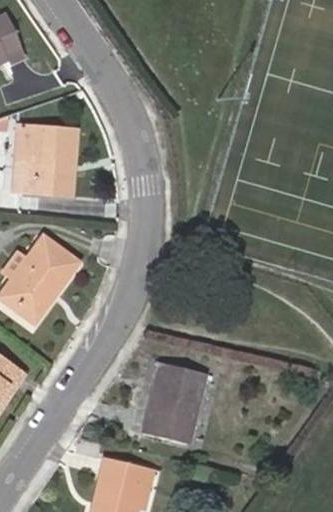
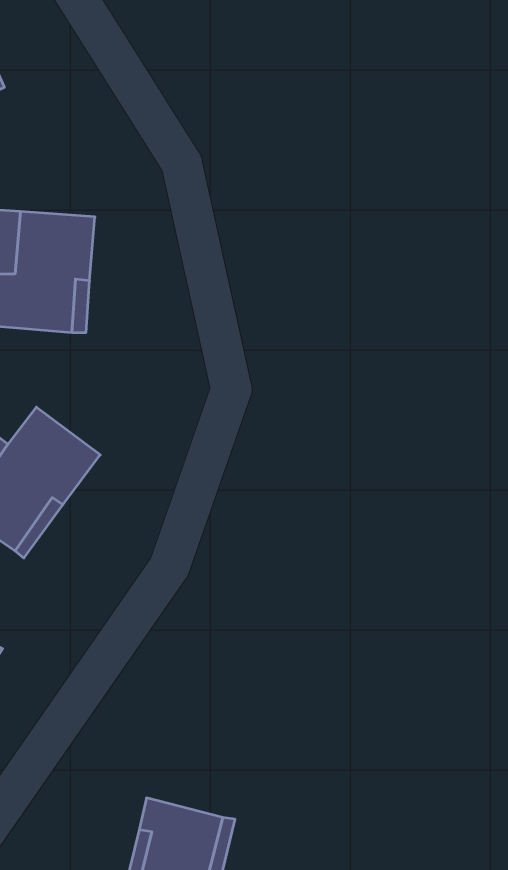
building: [144,361,205,442] -> none

